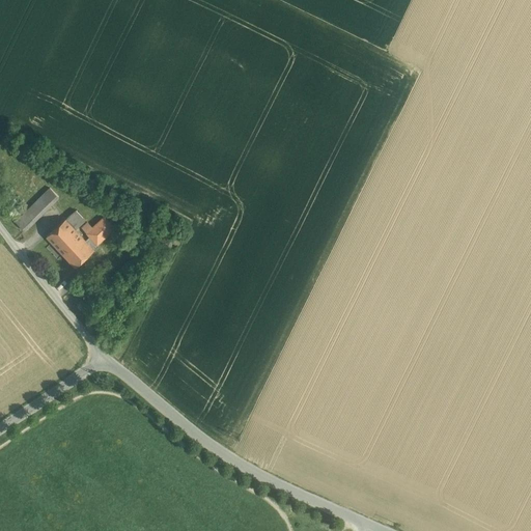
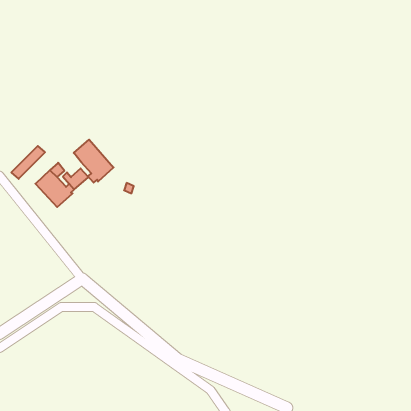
building: none -> [74,140,114,183]

